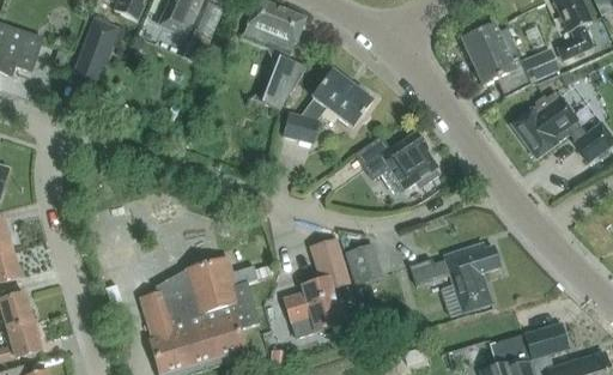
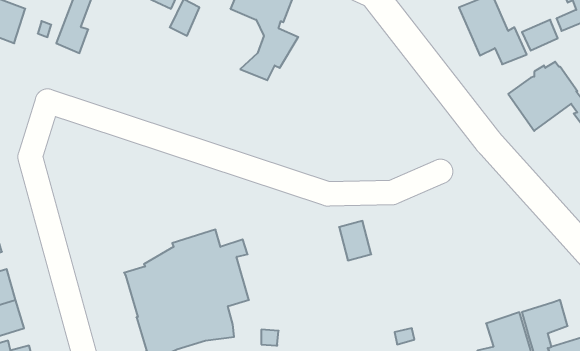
building: [284,69,372,140] -> none
building: [354,131,438,188] -> none
building: [285,237,351,335] -> none
building: [411,241,500,312] -> none

